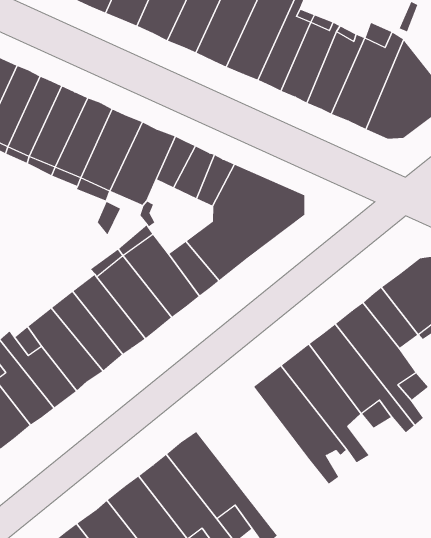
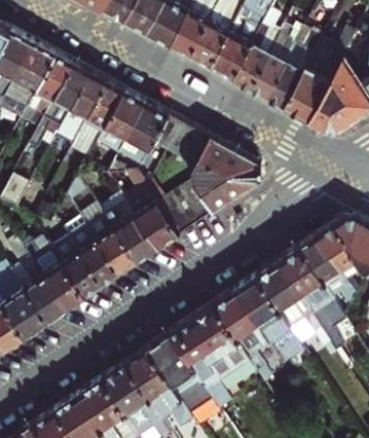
building: none -> [168,305,249,410]

